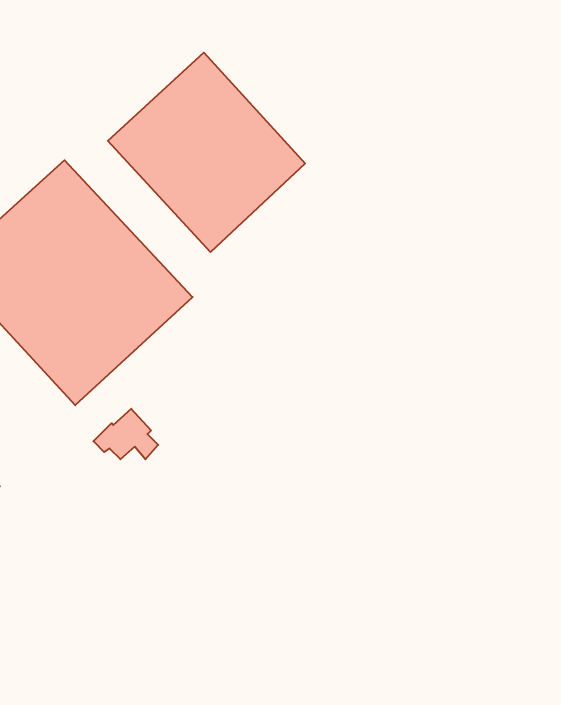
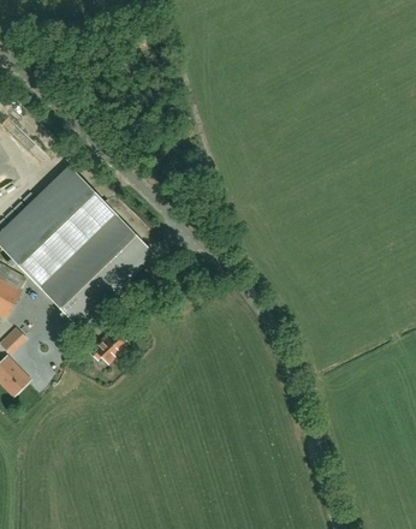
building: [108,53,305,252] -> none

